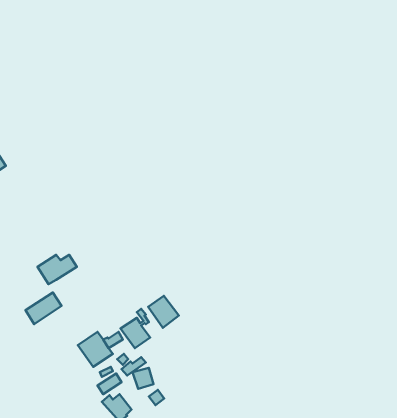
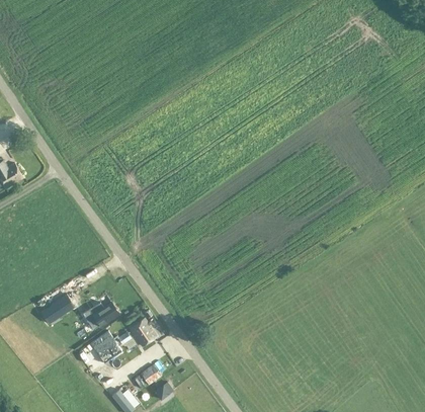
building: [37,255,77,284] -> [81,302,117,329]
building: [148,296,179,328] -> none

